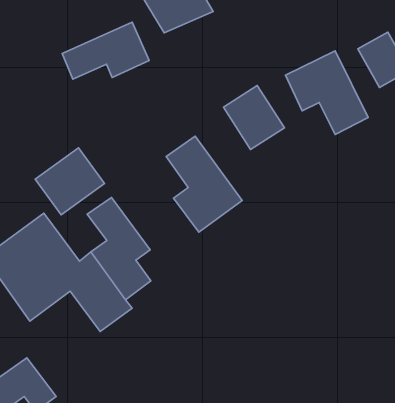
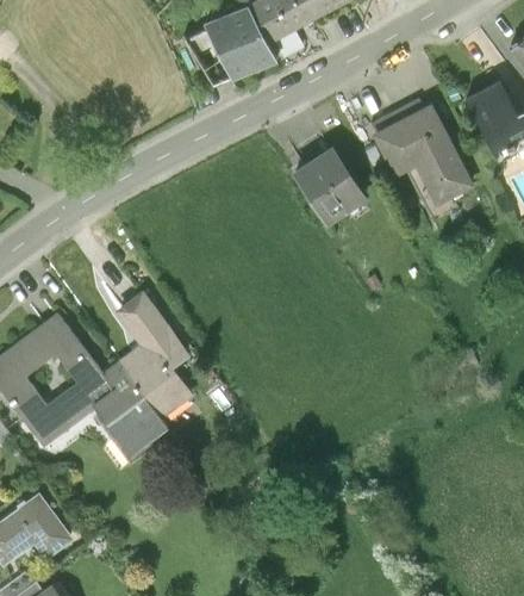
building: [62,22,149,79] -> none
building: [166,136,242,232] -> none
building: [35,148,104,215] -> none

